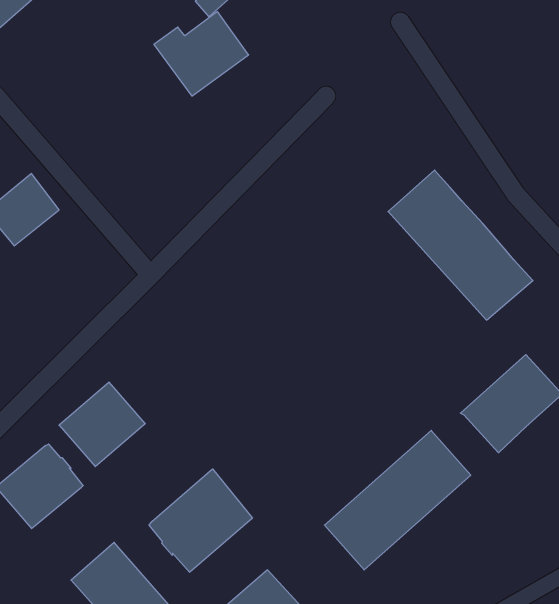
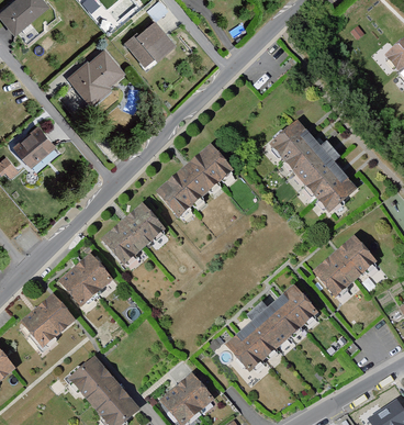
building: none -> [66,44,126,104]
building: none -> [157,143,234,216]
building: none -> [101,201,165,264]
building: [149,469,252,572] -> none

